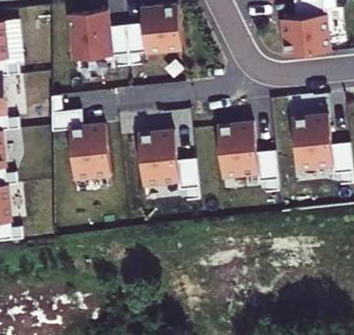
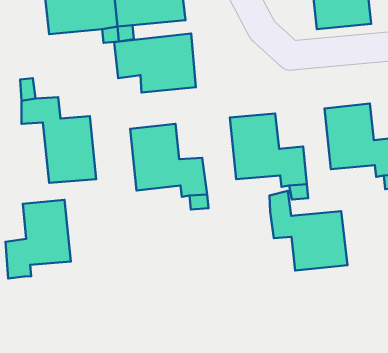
building: none -> [114,34,196,93]
building: none -> [270,191,347,271]
building: none -> [6,200,71,279]

